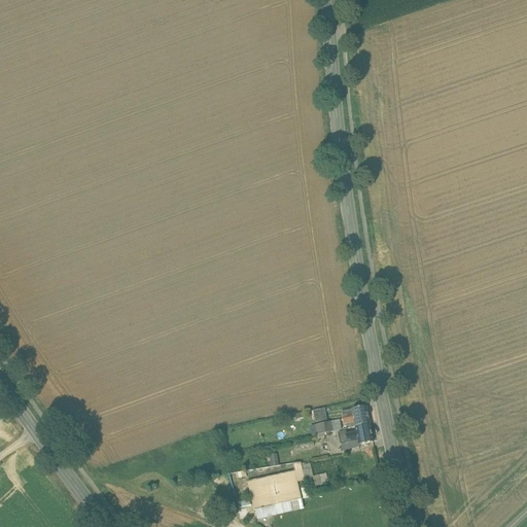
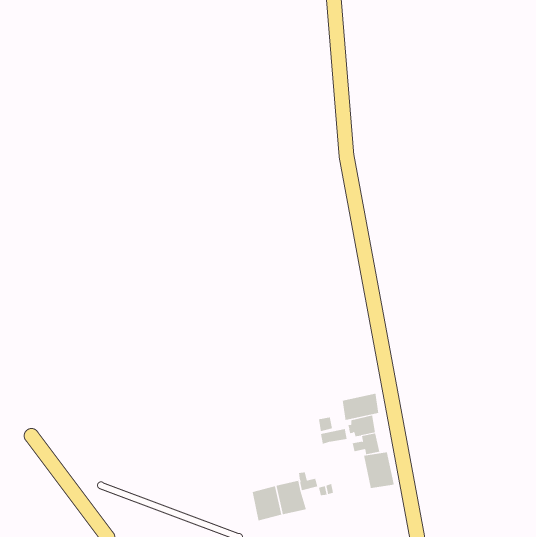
building: none -> [342,393,379,421]
building: none -> [363,451,394,489]

